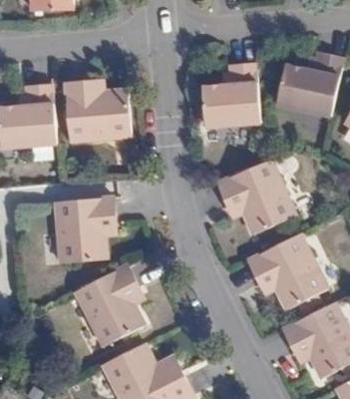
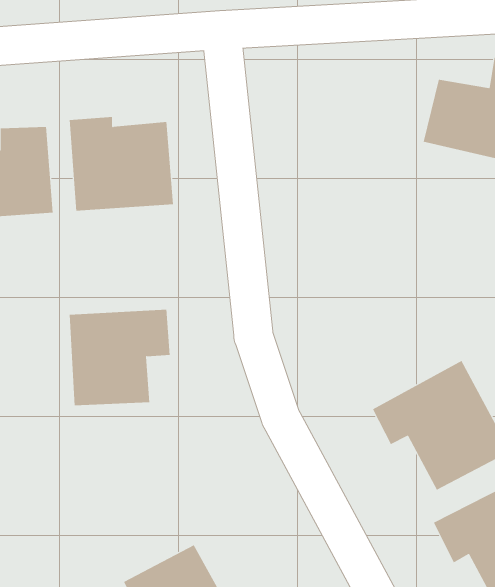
building: [204,64,263,125] -> none
building: [219,158,295,232] -> none
building: [72,263,139,344] -> none

